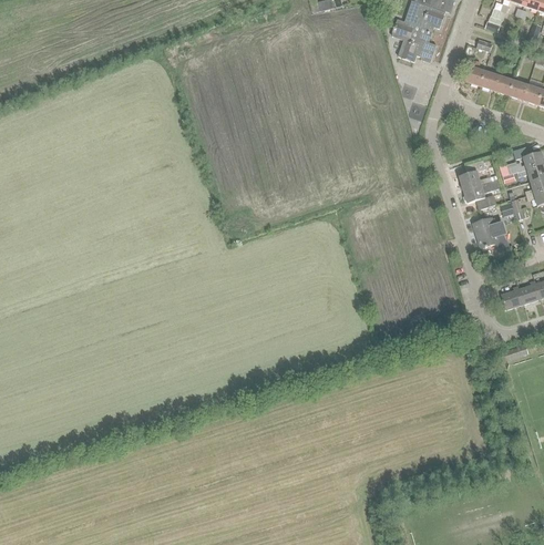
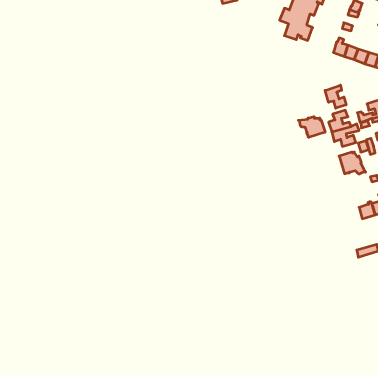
building: none -> [325,85,346,108]
building: none -> [298,117,325,137]

